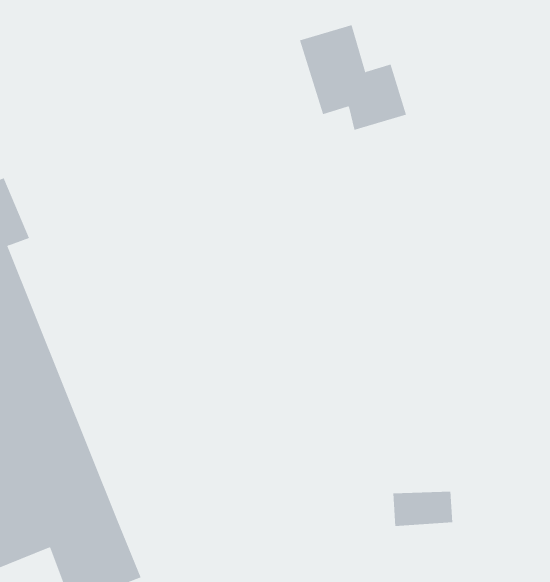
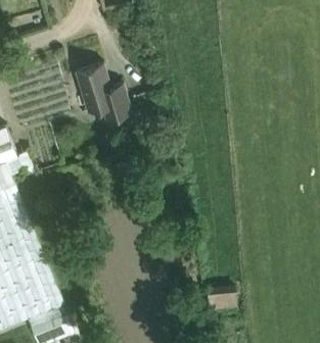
building: [299,25,407,130] -> [75,64,131,119]

